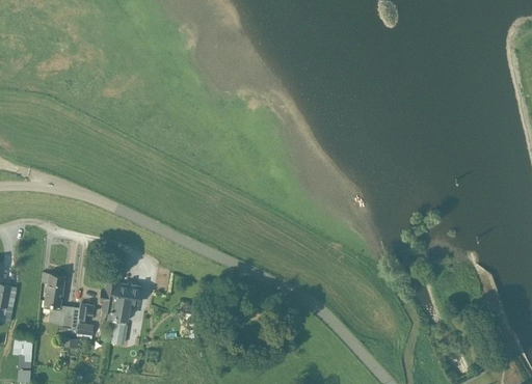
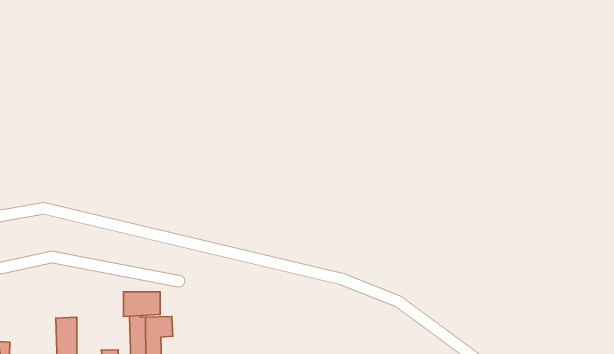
building: none -> [123,292,160,316]

